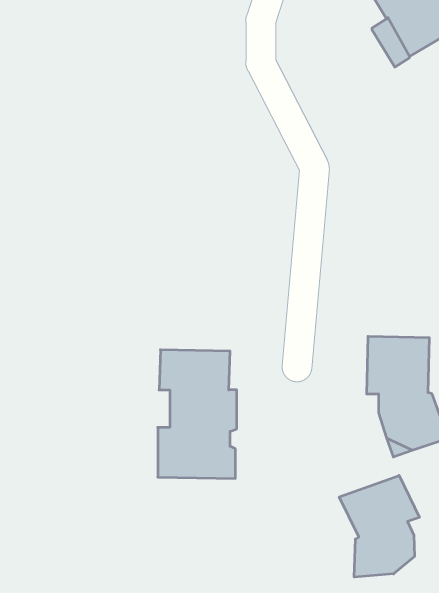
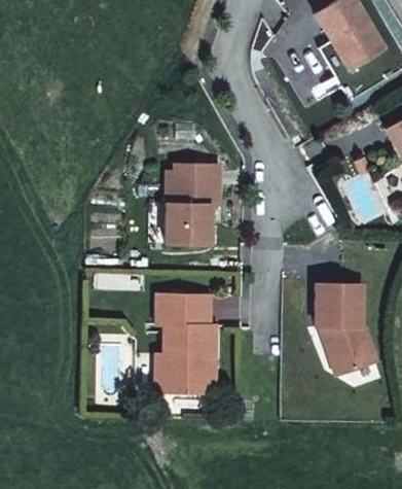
building: none -> [165,164,220,244]
building: [339,475,419,577] -> none

